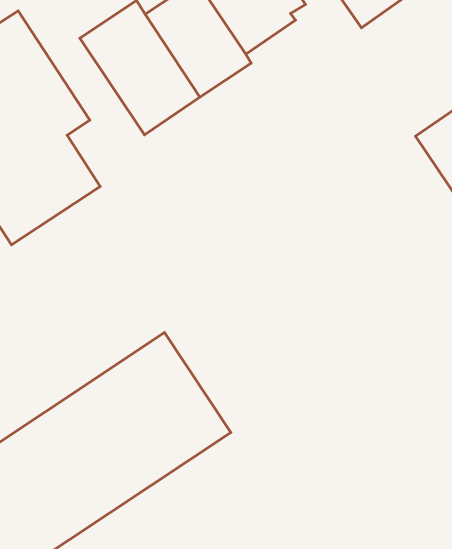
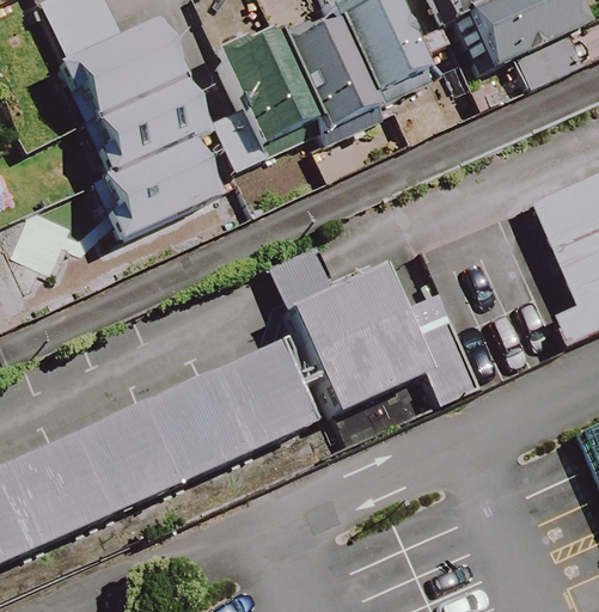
building: none -> [292,279,483,433]

